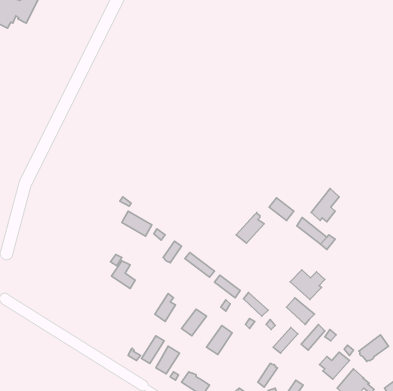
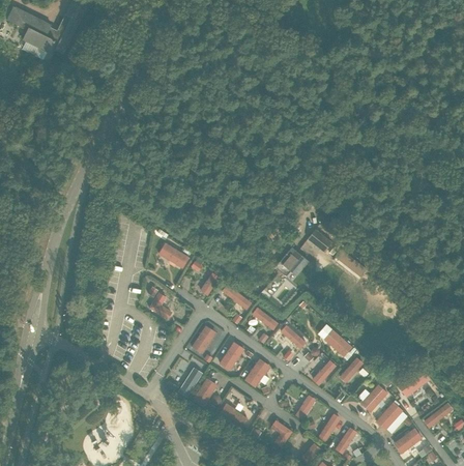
building: [311,189,339,222] -> none
building: [290,270,325,300] -> none

